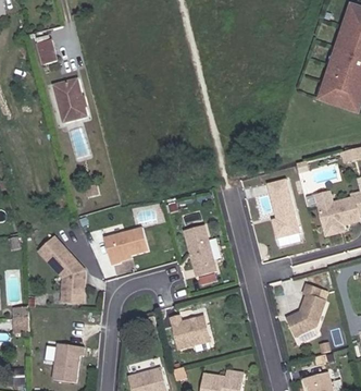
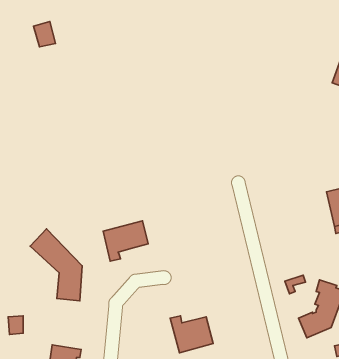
building: [55,78,87,120] -> none
building: [265,178,299,240] -> none
building: [183,225,214,279] -> none

